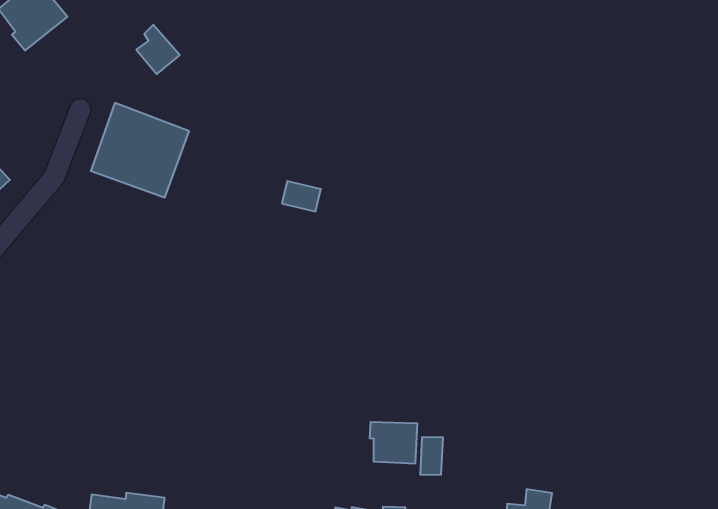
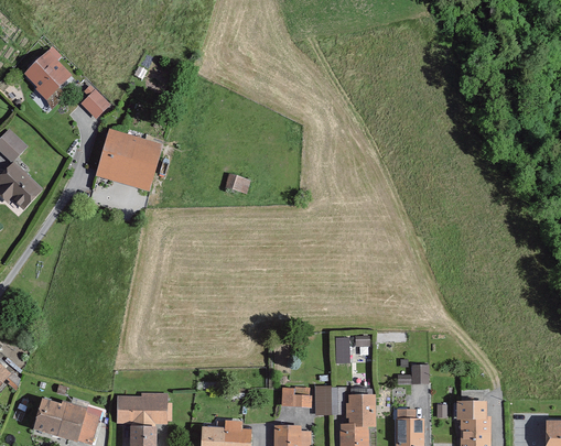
building: [136,25,180,74] -> [79,85,109,118]
building: [370,422,417,464] -> none

